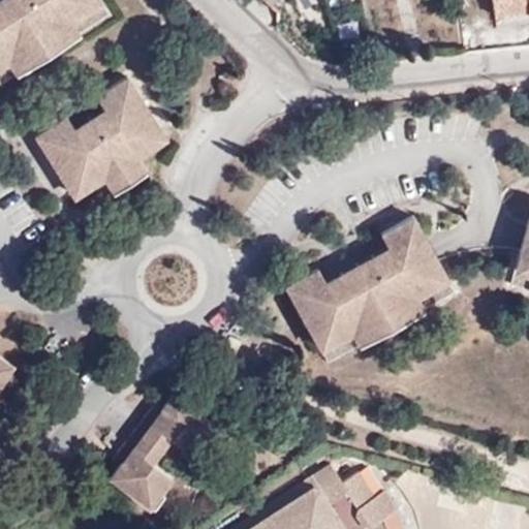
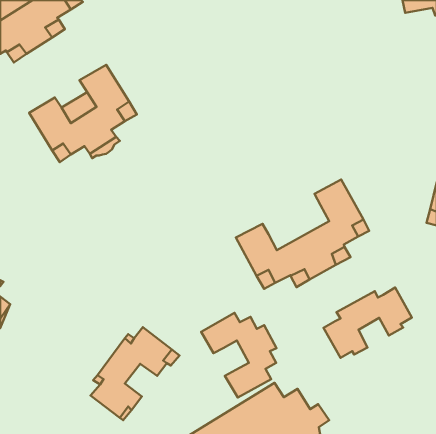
building: [325,251,399,306] -> none
building: none -> [323,287,412,358]
building: none -> [201,313,277,398]

